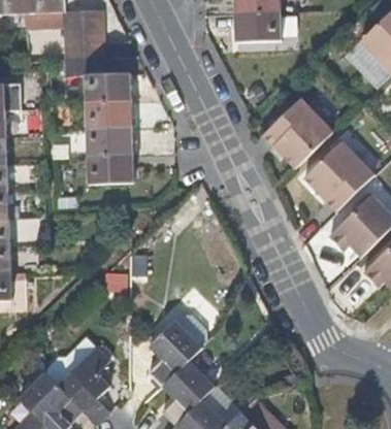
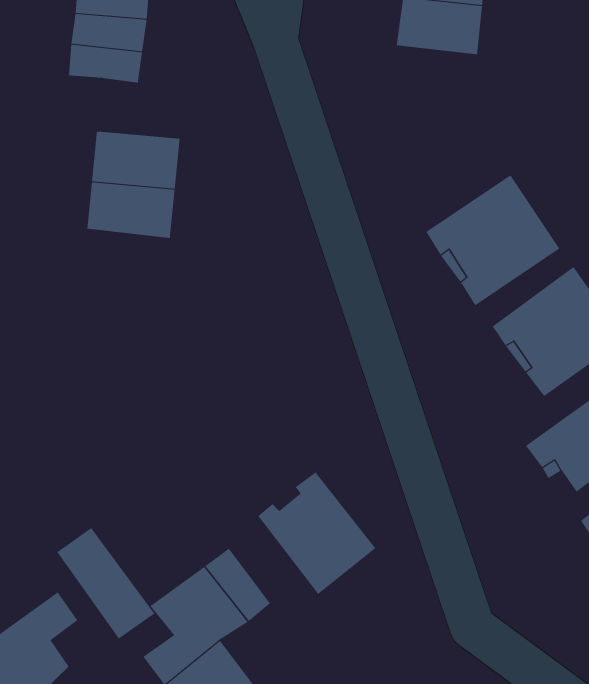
building: [84,75,129,104] -> none
building: [87,155,132,182] -> none
building: none -> [257,472,376,595]
building: none -> [57,527,155,640]

